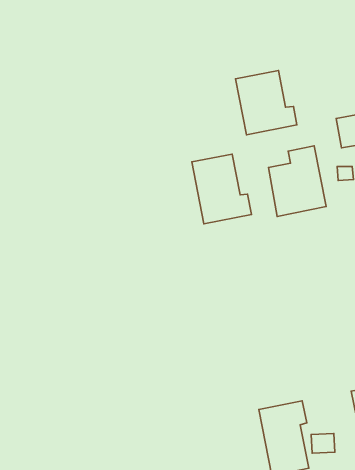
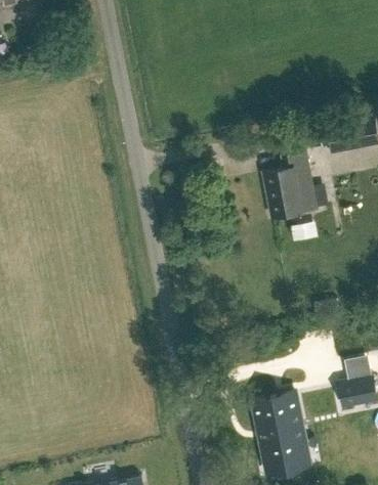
building: [235,71,297,135] -> none
building: [192,154,251,224] -> none

